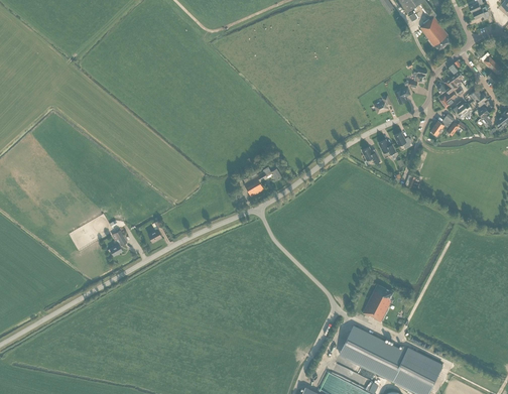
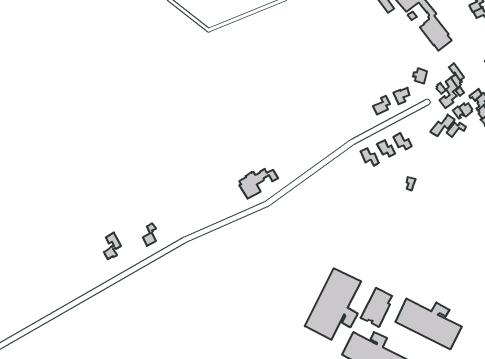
building: none -> [305,268,361,340]
building: none -> [395,298,462,349]

